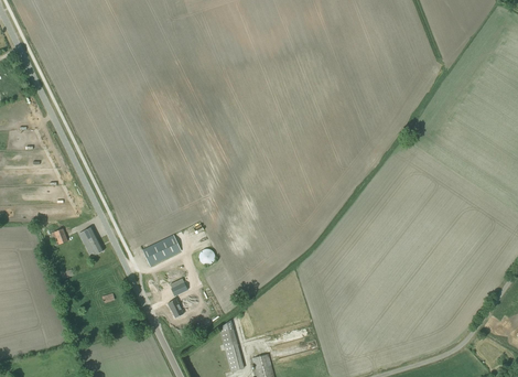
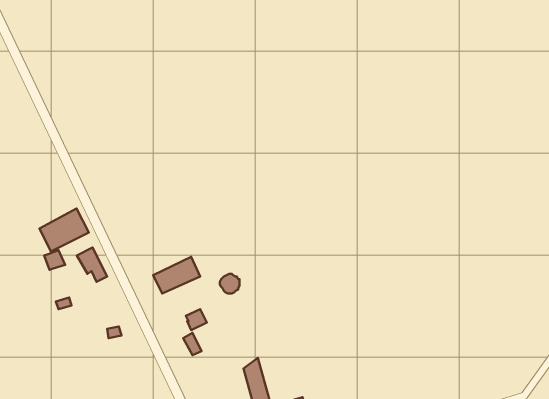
building: none -> [40,208,89,252]

